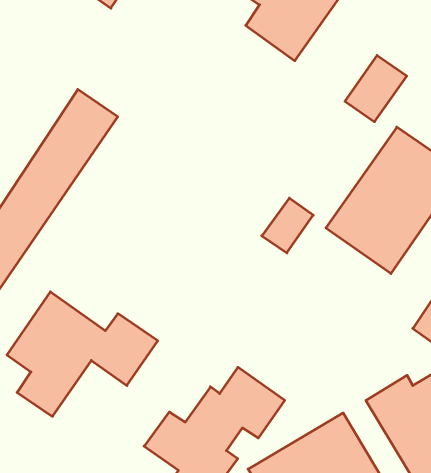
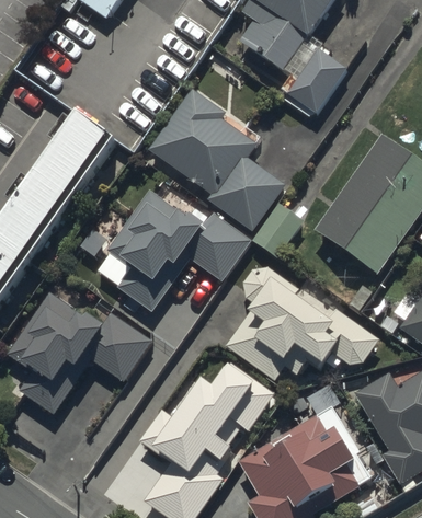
building: [345,55,407,122] -> [287,46,346,110]
building: none -> [149,88,284,230]
building: none -> [105,191,250,310]
building: none -> [226,262,376,379]

